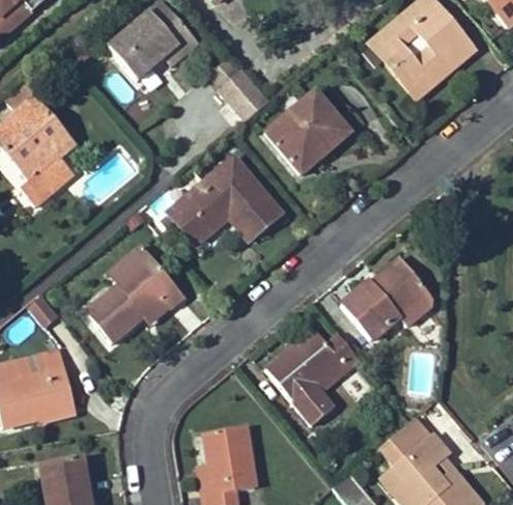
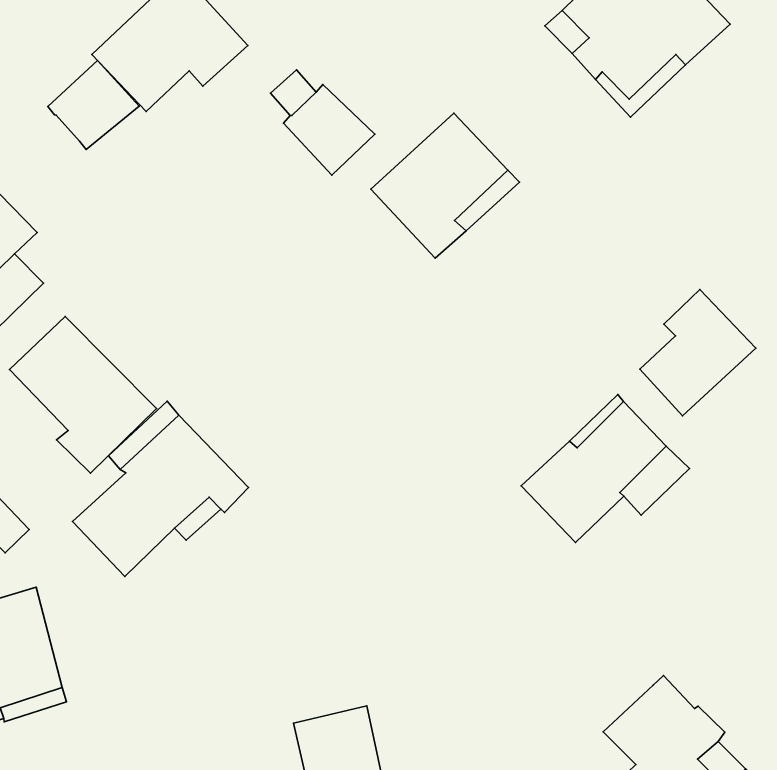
building: none -> [48,60,139,150]
building: [166,159,279,245] -> none
building: none -> [9,316,157,473]
building: none -> [640,290,756,416]
building: [266,329,359,424] -> none

